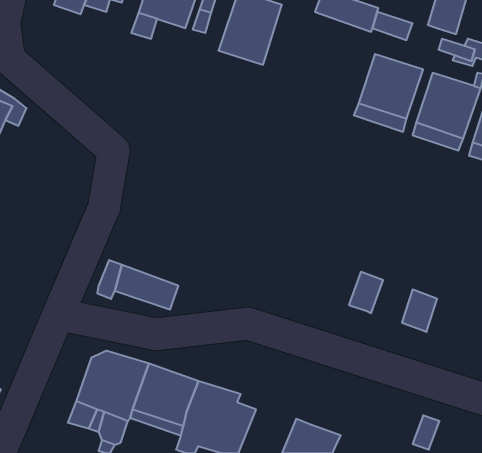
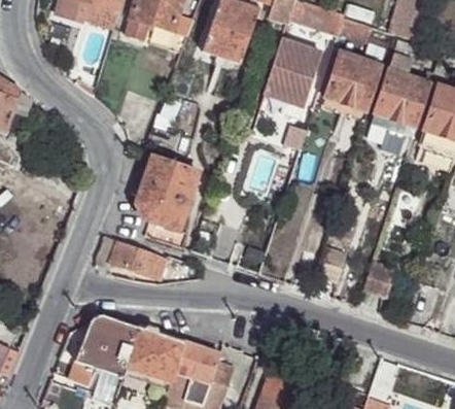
building: none -> [261,37,320,105]
building: none -> [139,155,199,228]

